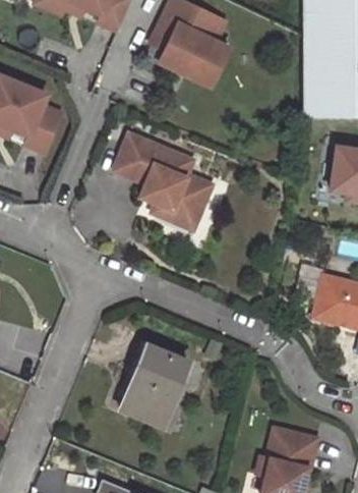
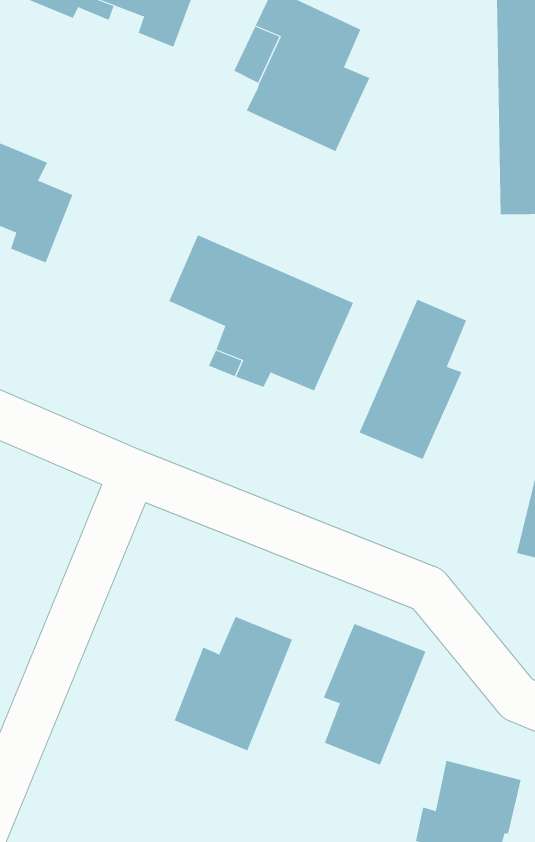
building: none -> [359,299,467,460]
building: none -> [323,623,426,765]

